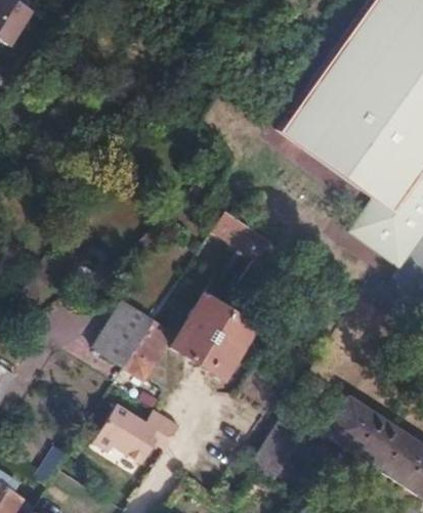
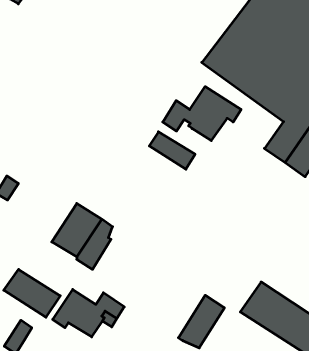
building: none -> [163,87,241,141]
building: [171,286,252,379] -> none
building: none -> [4,269,60,317]

